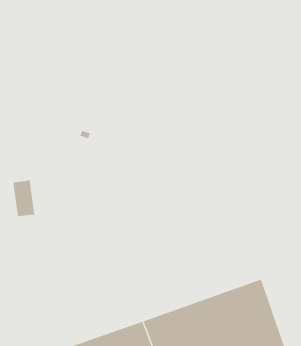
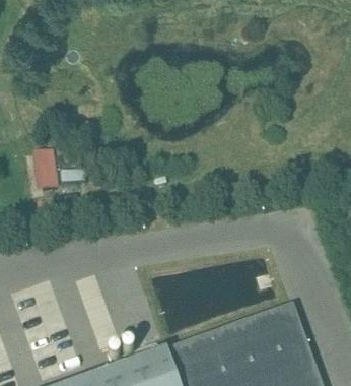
building: [13,180,35,217] -> [32,152,57,192]

